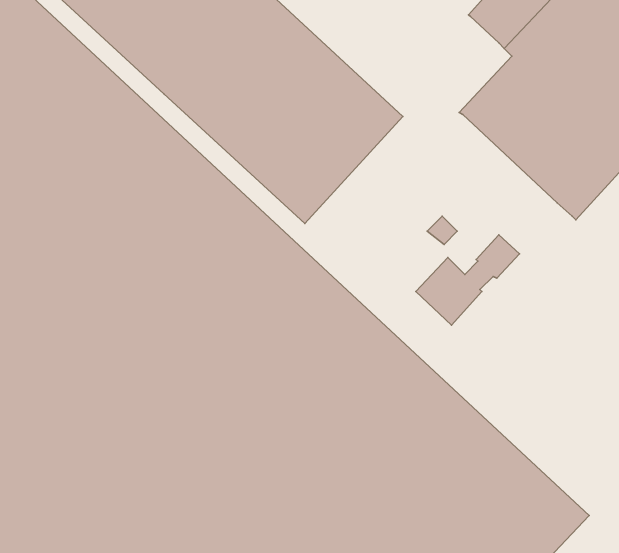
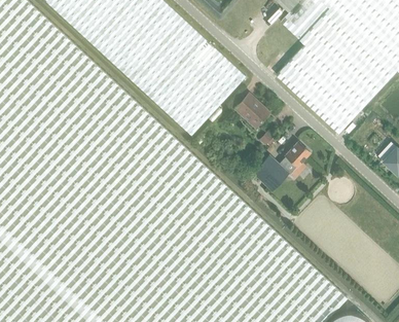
building: none -> [233,93,267,128]

